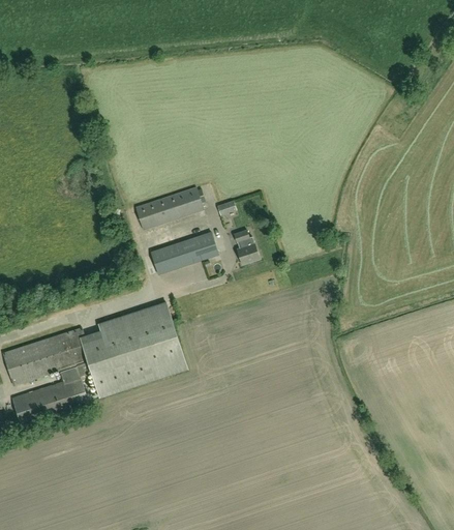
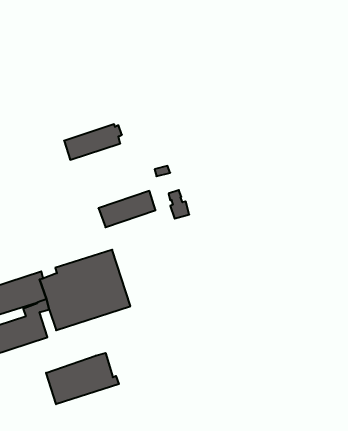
building: [134,187,204,230] -> [64,124,122,160]
building: none -> [46,353,119,404]

